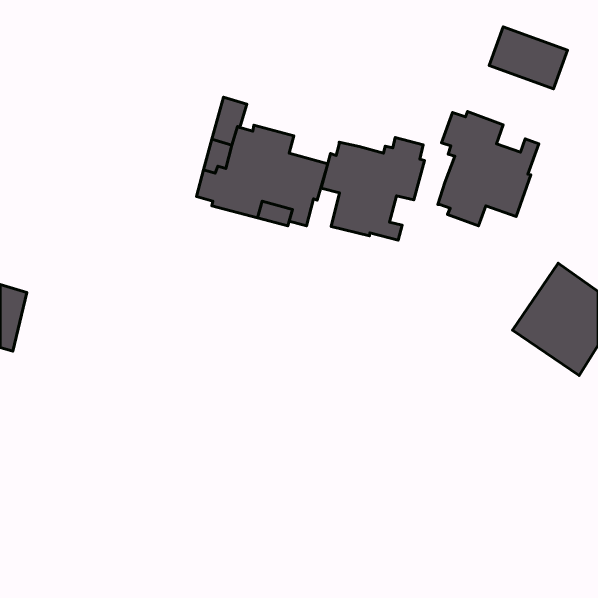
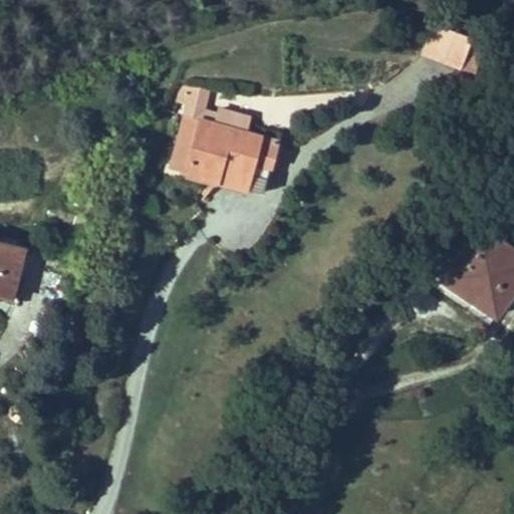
building: [438,112,539,226] -> none
building: [321,137,425,240] -> none

